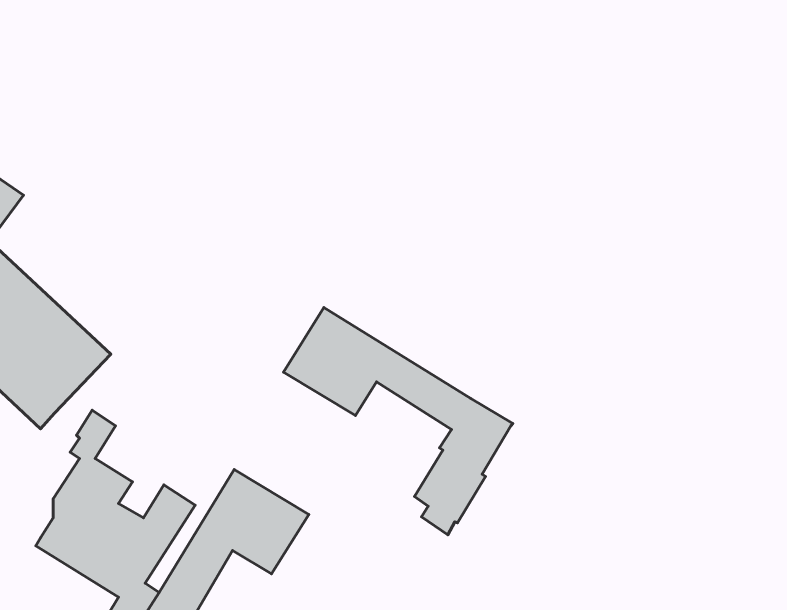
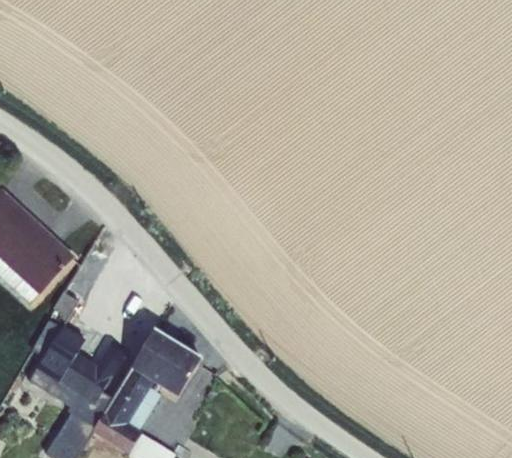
building: [283,308,513,535] -> none

